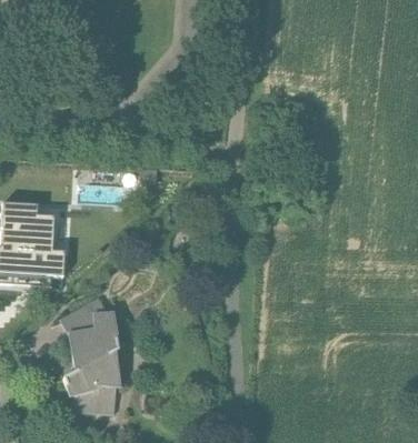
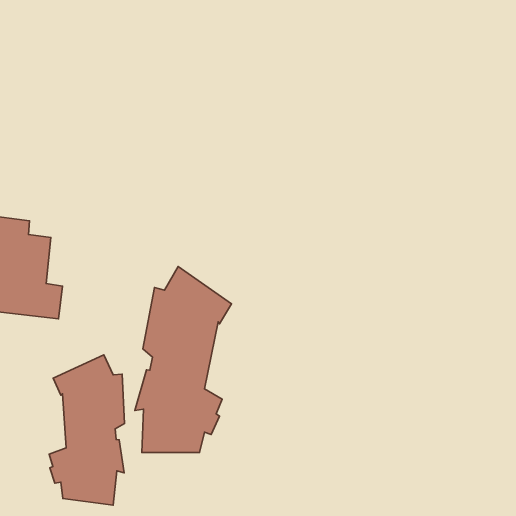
building: none -> [135,266,231,453]

